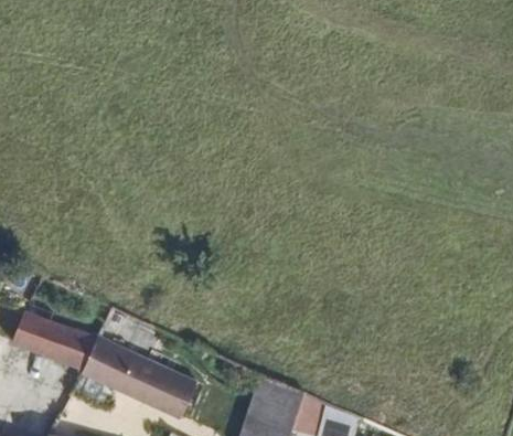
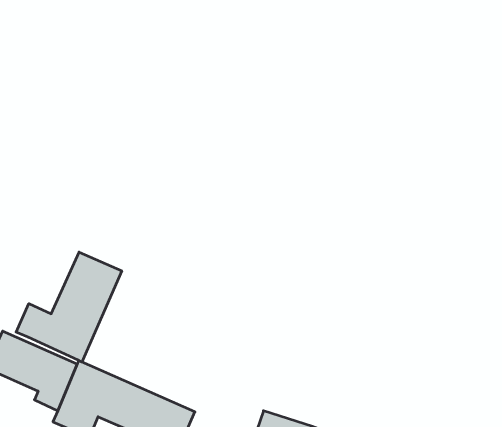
building: none -> [16,252,122,362]

